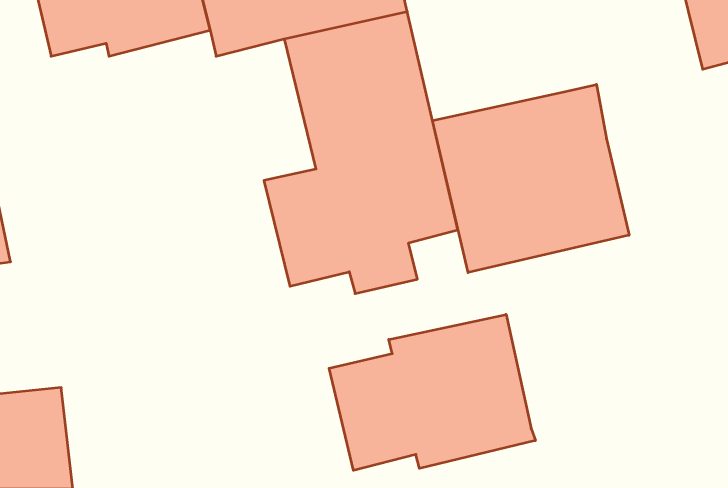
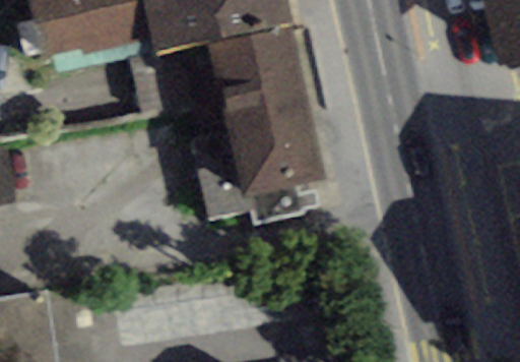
building: [432,84,629,273] -> none
building: [329,314,535,470] -> none

